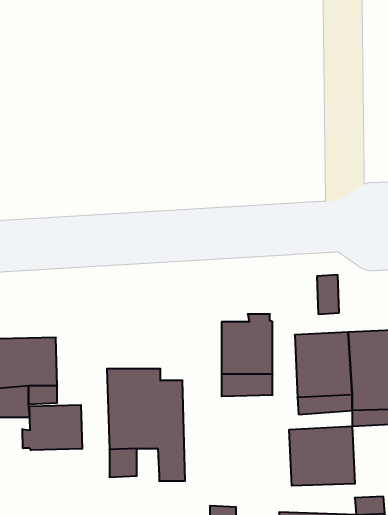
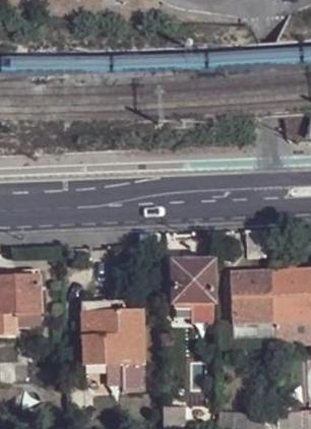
building: [22,405,82,450] -> none
building: [289,426,355,486] -> none

